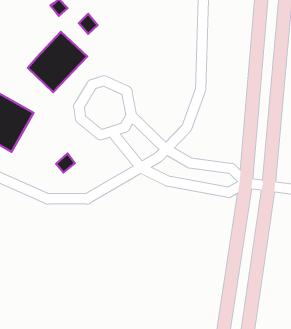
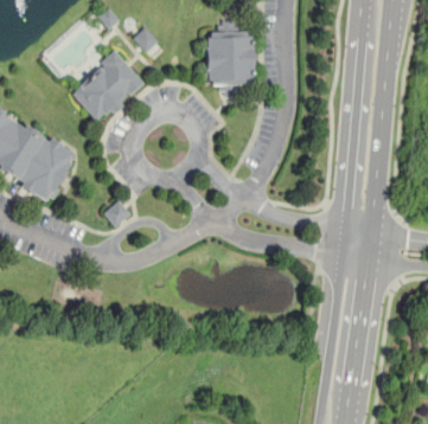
building: none -> [206,23,254,96]

